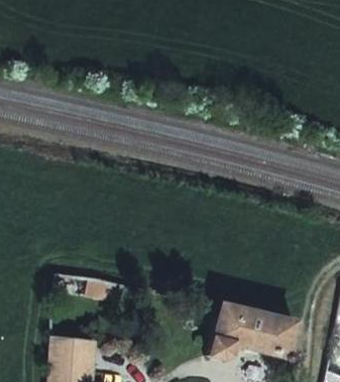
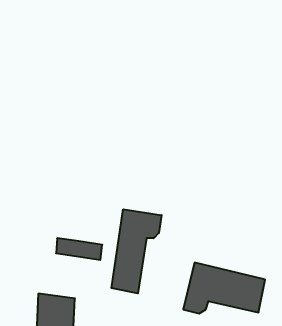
building: none -> [111,209,162,293]

